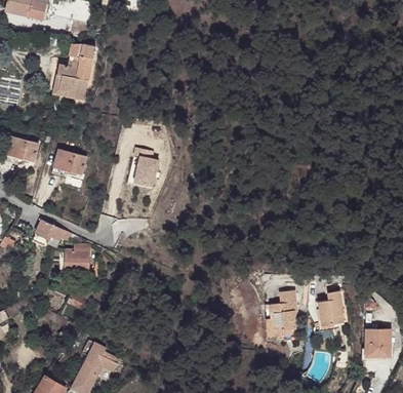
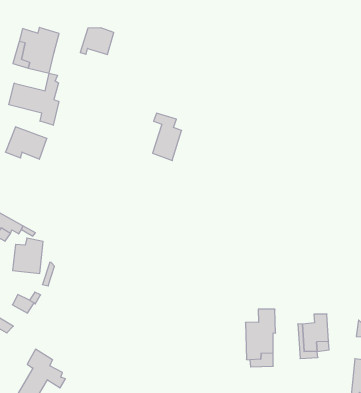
building: [67,43,94,67] -> [80,28,114,55]
building: none -> [9,73,59,125]
building: [133,145,158,185] -> [153,113,182,161]

